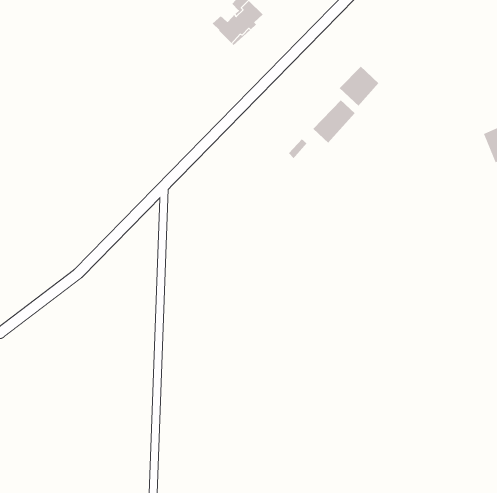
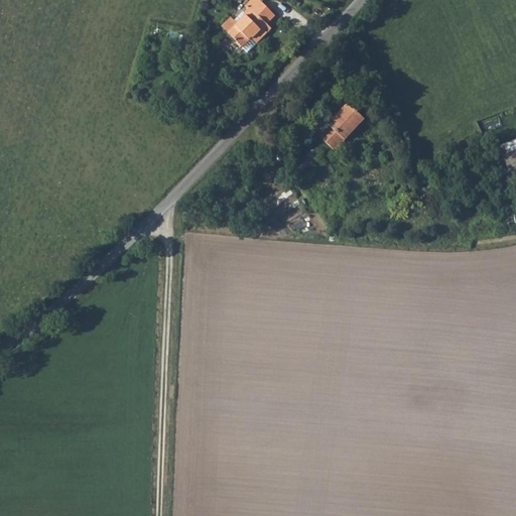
building: [339,66,379,107] -> none

